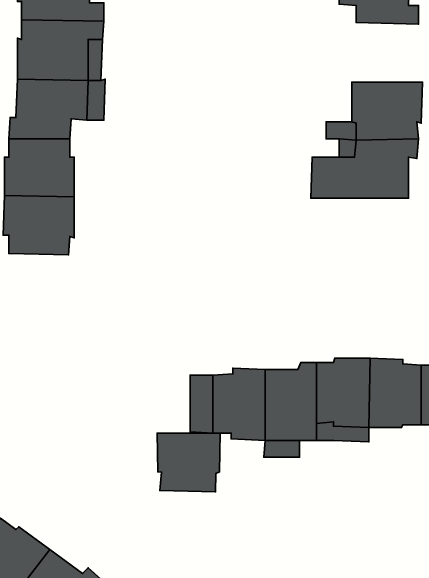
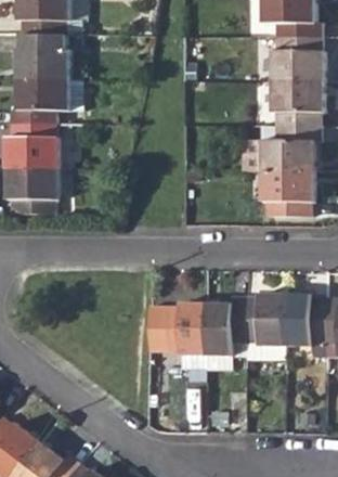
building: none -> [270,37,324,82]
building: none -> [259,171,313,216]
building: [157,433,220,492] -> none

